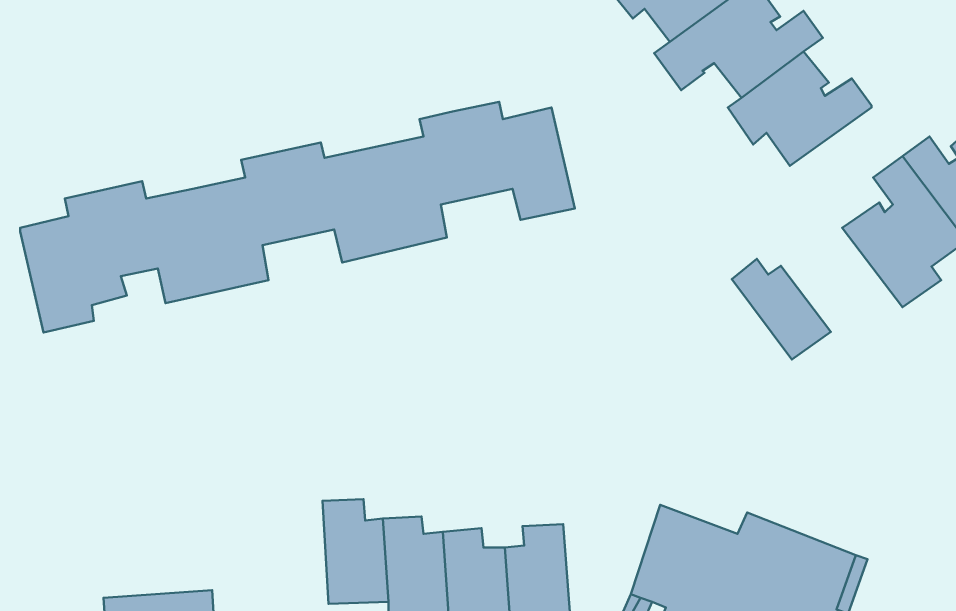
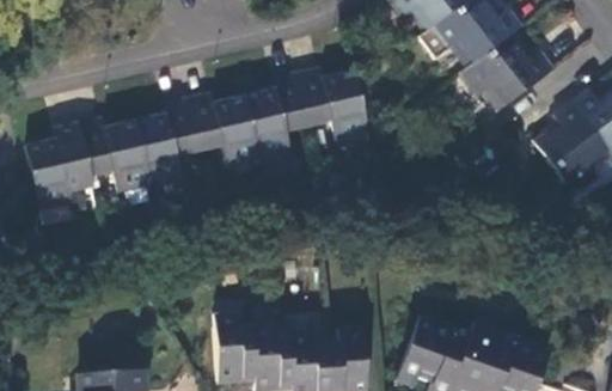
building: [732,259,831,360] -> none

